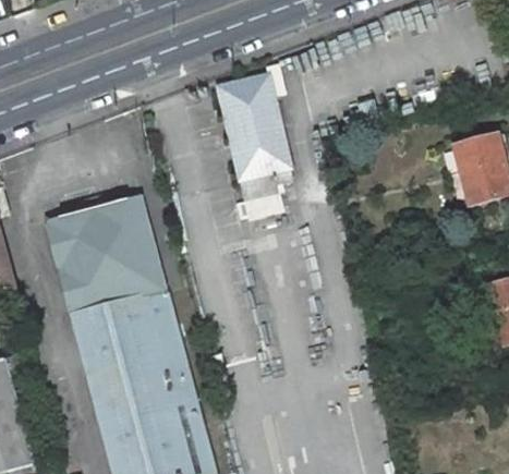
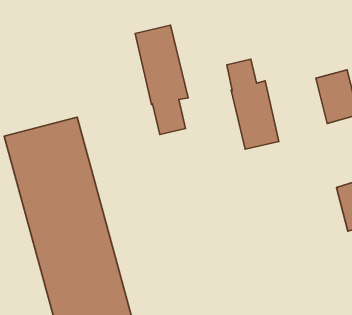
building: none -> [227,59,279,149]

